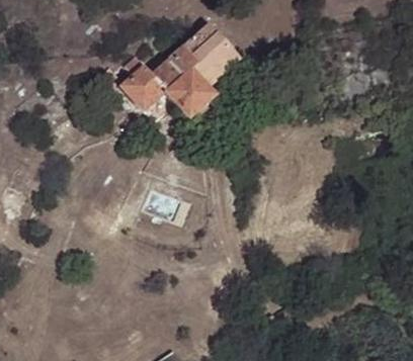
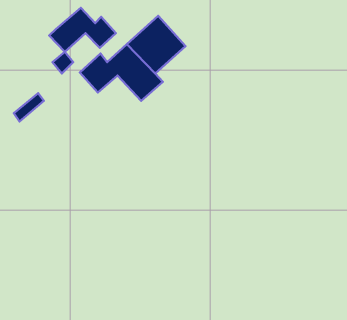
building: none -> [49,8,116,52]

